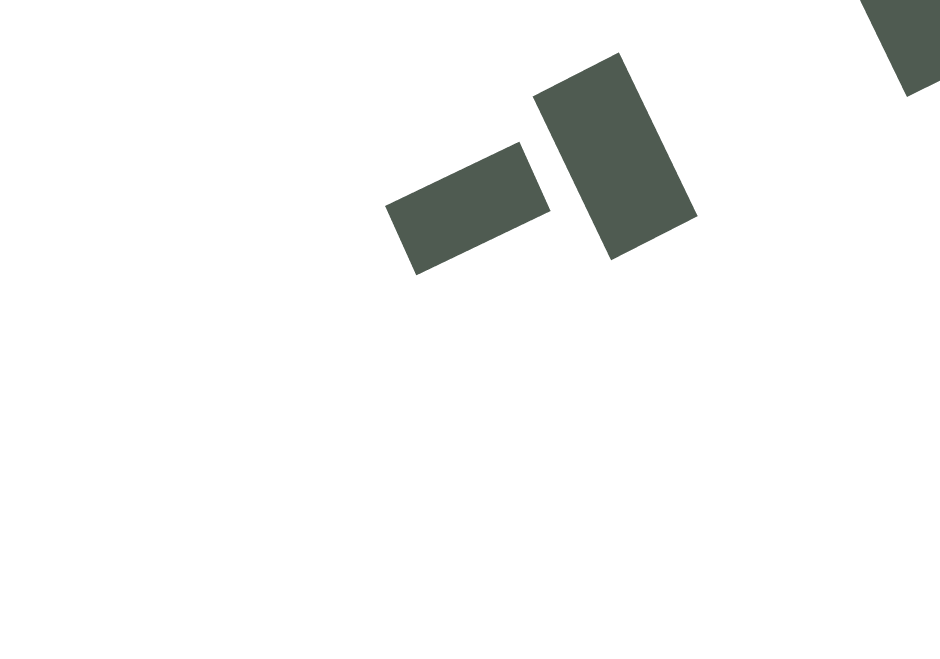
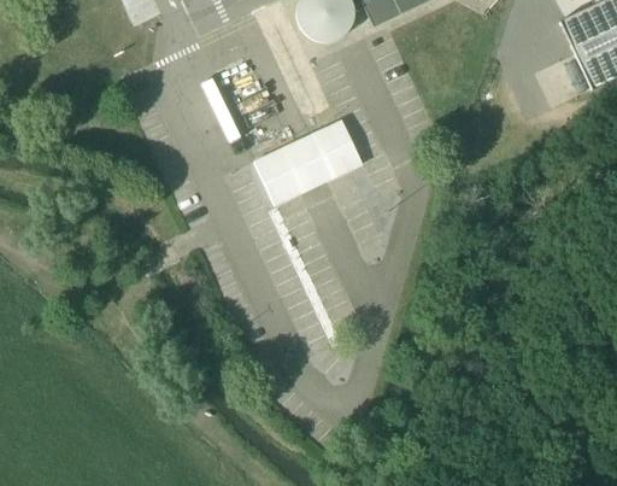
building: [532,52,698,261] -> none

